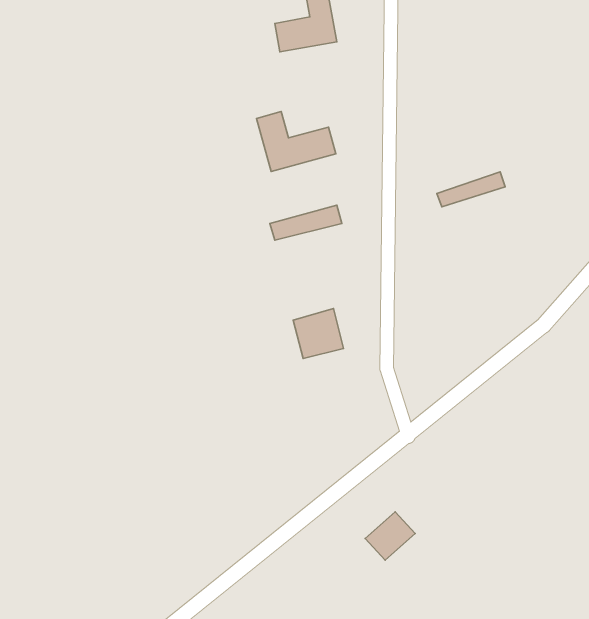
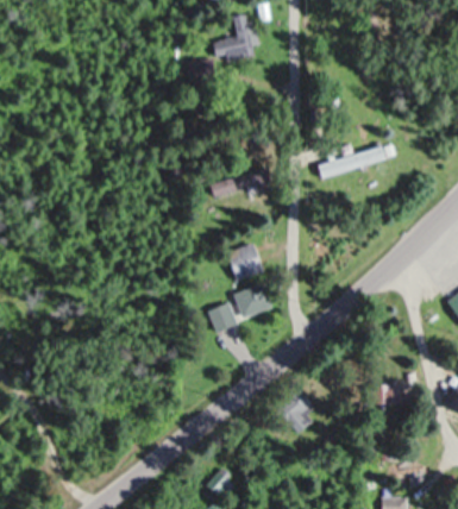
building: [256,111,336,171] -> none
building: none -> [212,285,275,329]
building: none -> [369,385,402,410]

